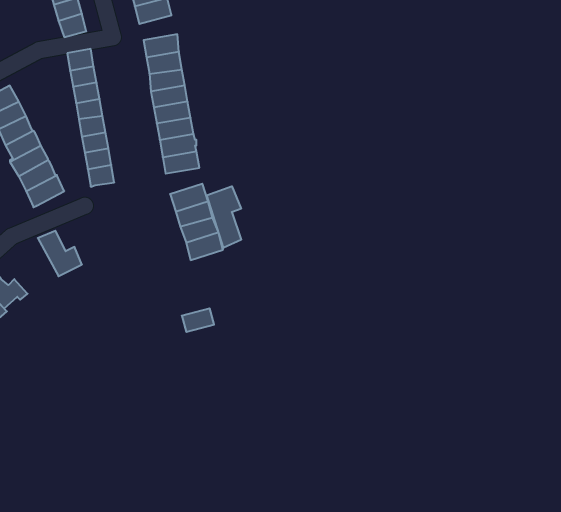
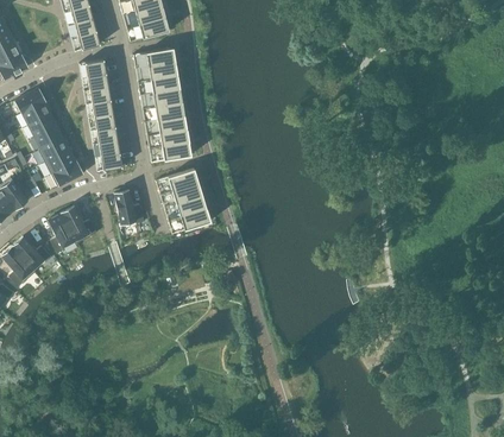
building: [207,186,241,248] -> none
building: none -> [113,190,143,224]
building: none -> [46,213,76,254]

